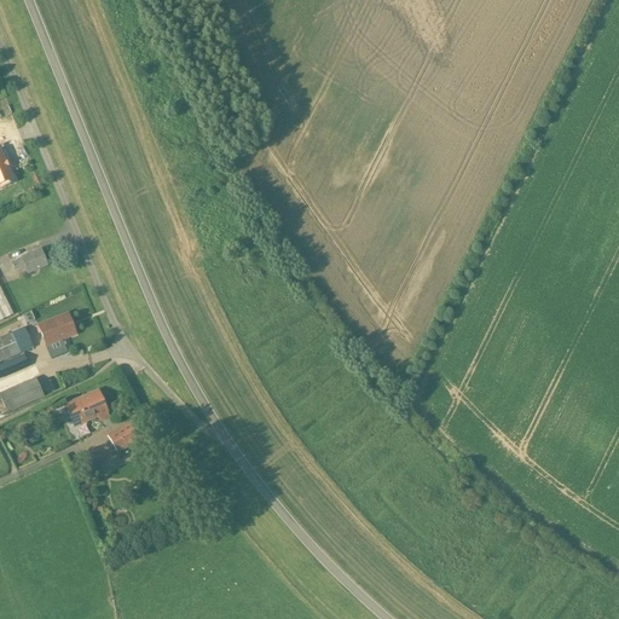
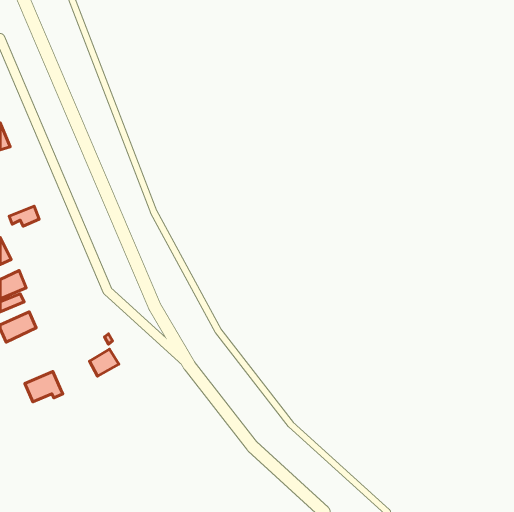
building: [39,312,76,343] -> none
building: [64,388,110,424] -> [25,372,63,402]

